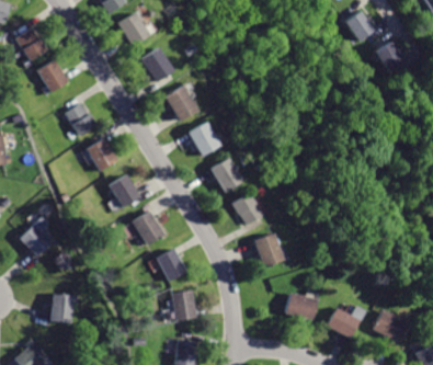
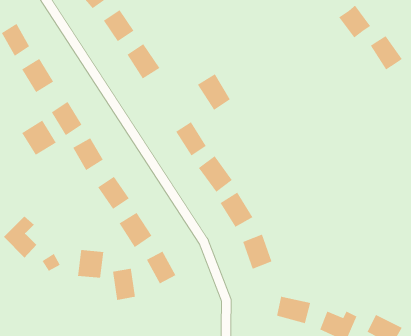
building: [162,85,195,122] -> [197,73,231,111]
building: none -> [21,119,57,156]
building: [174,289,197,321] -> [112,268,136,301]
building: [50,292,77,320] -> [77,249,104,279]

